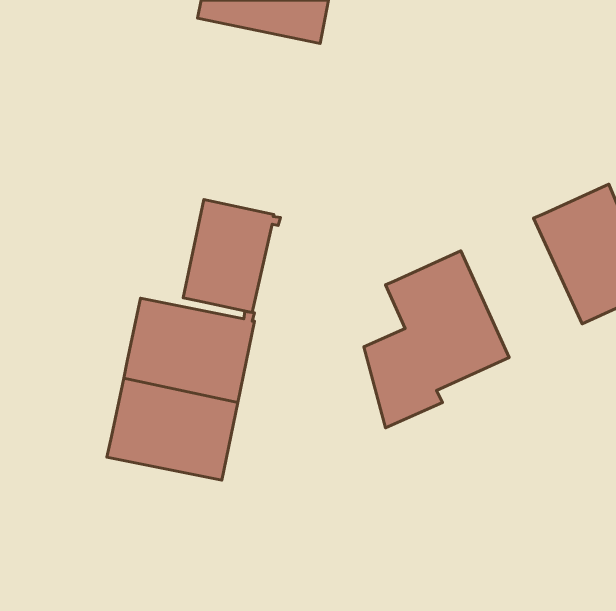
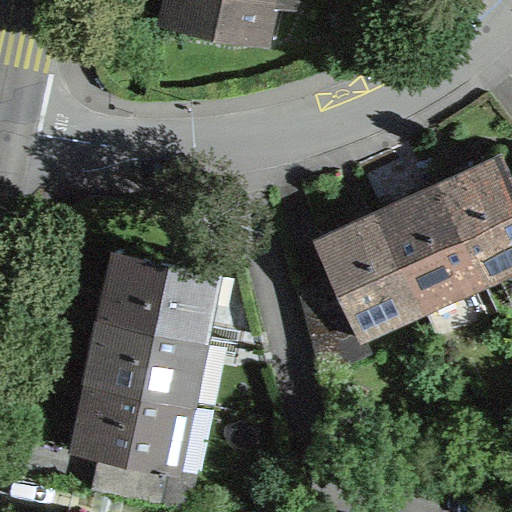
building: [183,199,281,312] -> none
building: none -> [383,187,483,302]
building: none -> [77,384,186,507]

